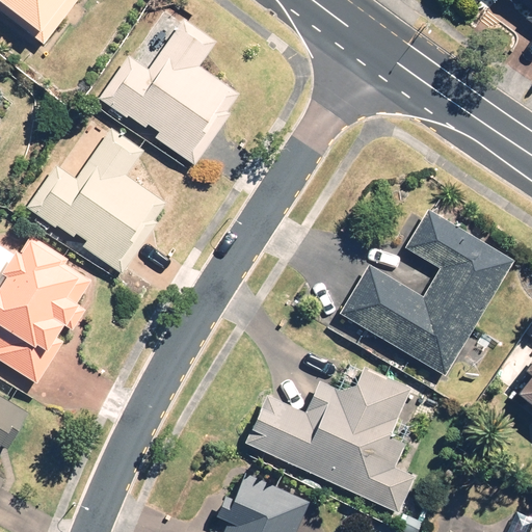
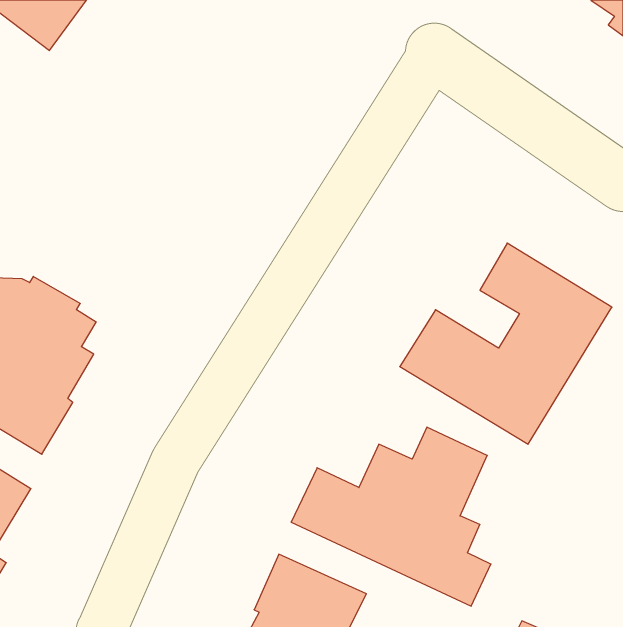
building: [97,19,242,166] -> none
building: [27,126,165,275] -> none

